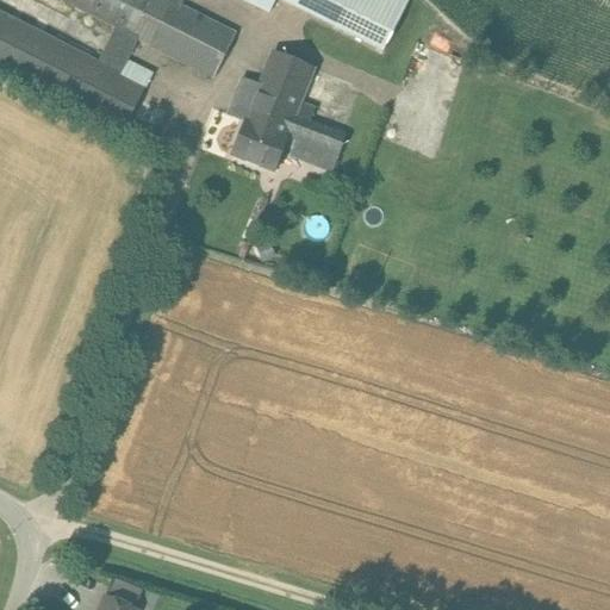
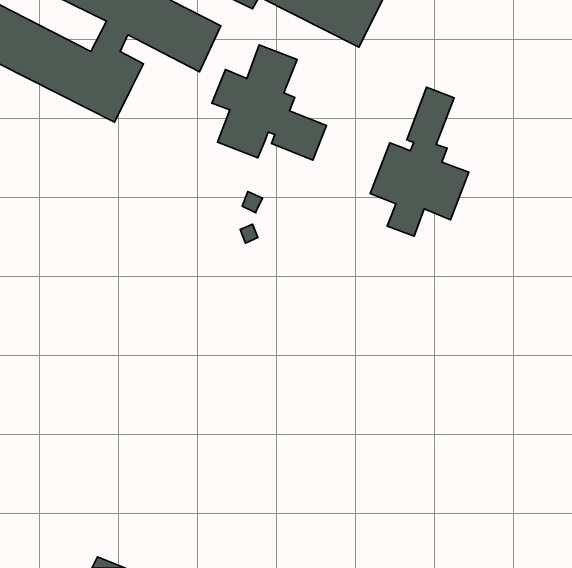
building: none -> [370,87,469,236]

